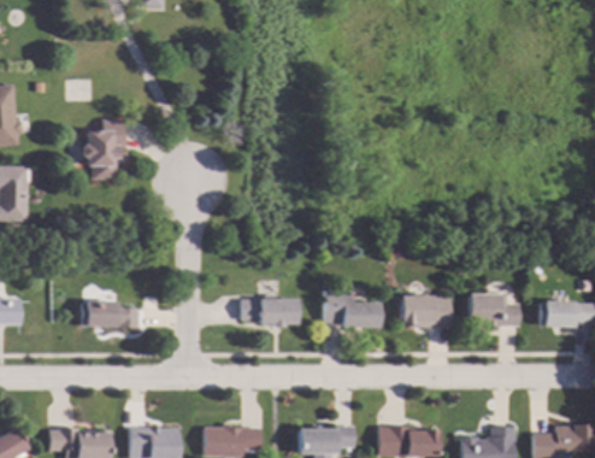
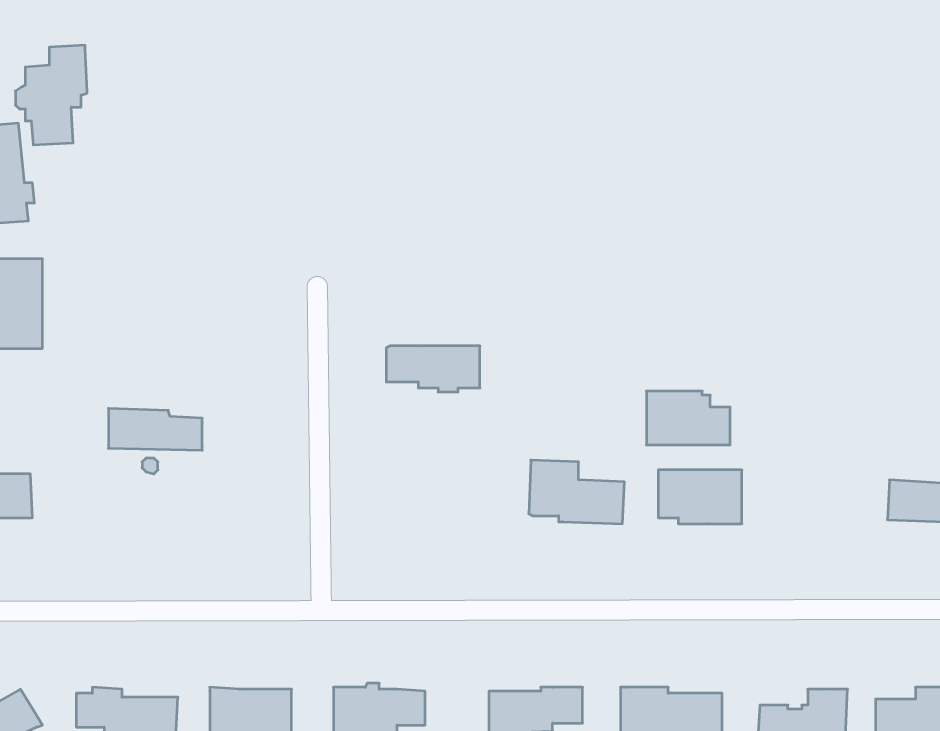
building: [82,119,125,180] -> [15,45,87,145]
building: [467,294,518,327] -> [646,391,730,445]
building: [240,299,296,327] -> [386,346,480,392]
building: [82,303,139,328] -> [108,408,202,450]

